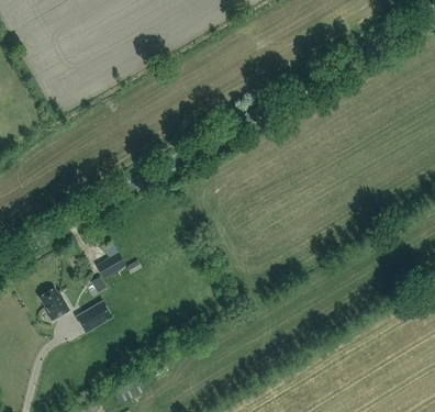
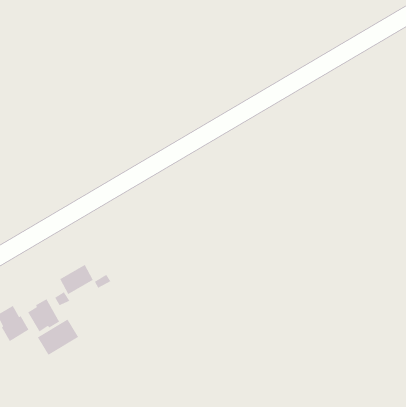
building: none -> [27,298,60,332]

